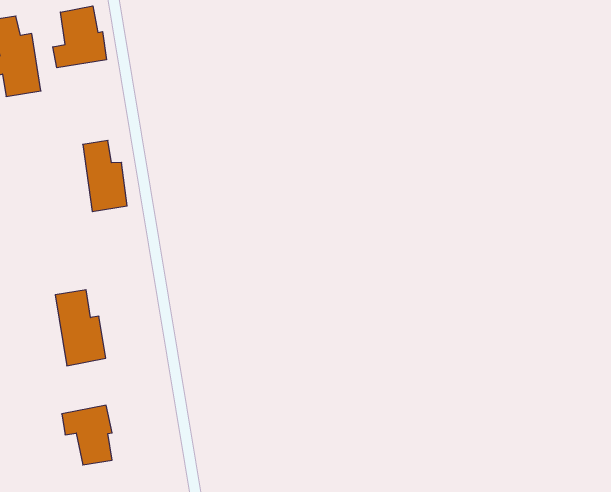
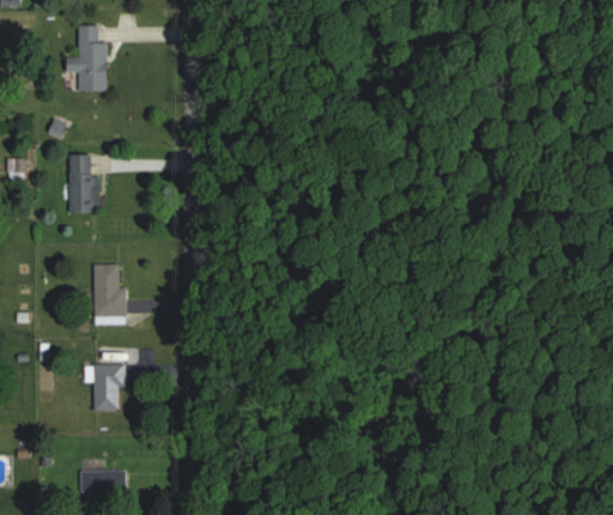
building: [53,6,106,68] -> none
building: [83,140,127,212] -> [68,154,99,212]

